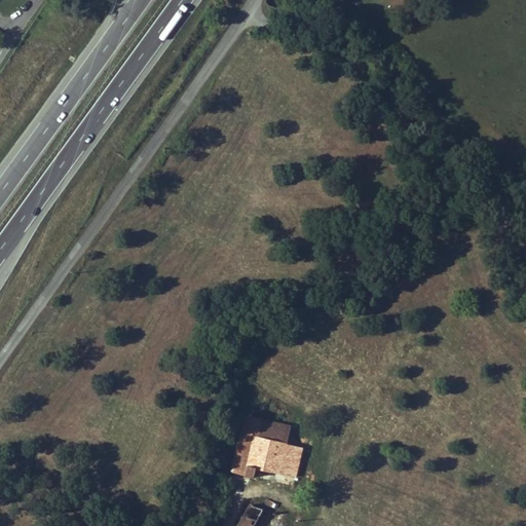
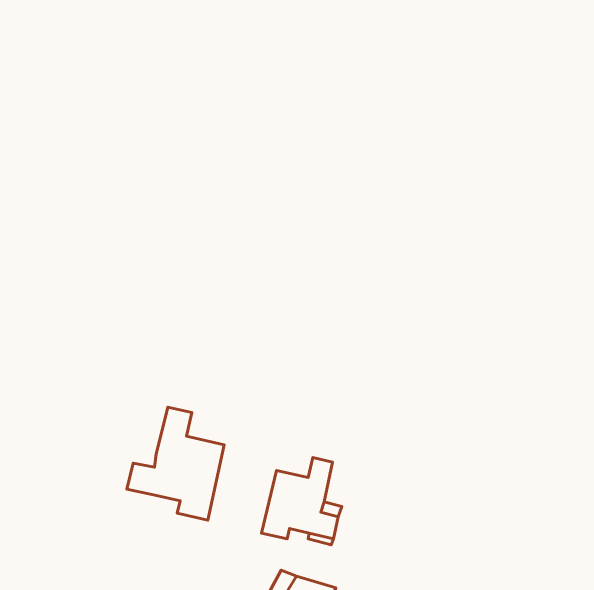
building: none -> [127,407,224,520]

